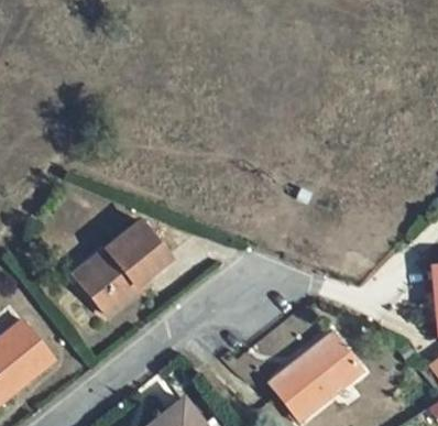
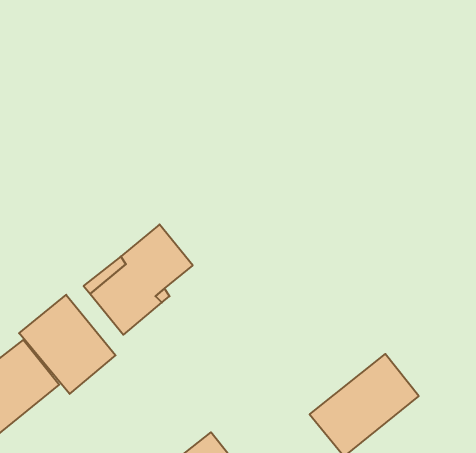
building: none -> [19,295,116,394]

